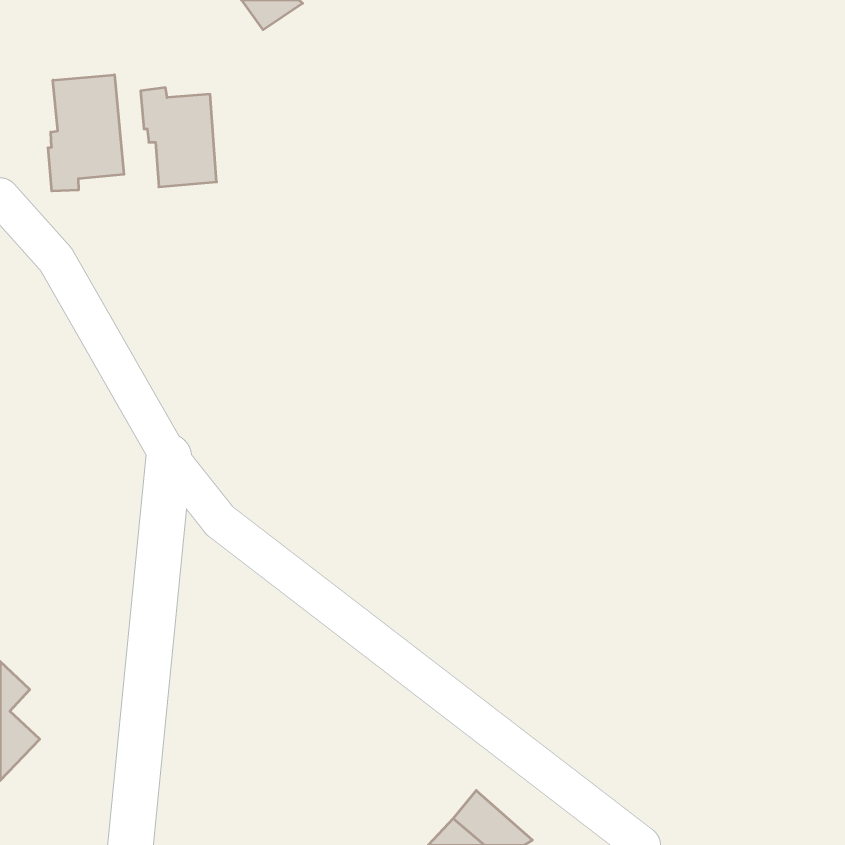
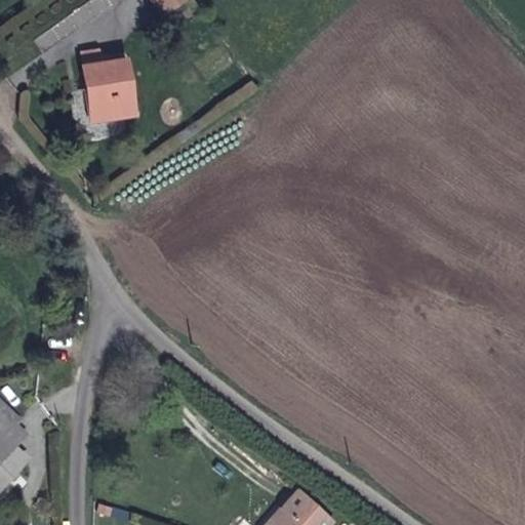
building: [48,75,124,191] -> none

